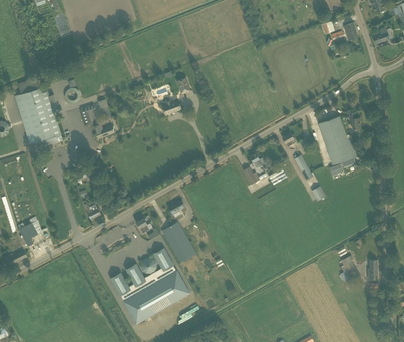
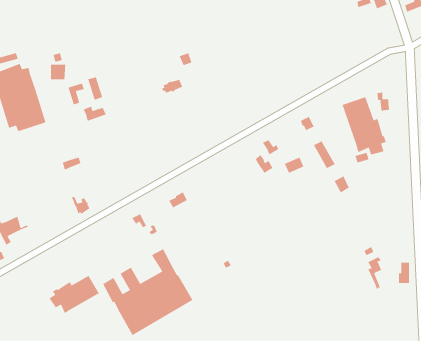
building: [162,221,195,261] -> none
building: none -> [49,275,100,314]

